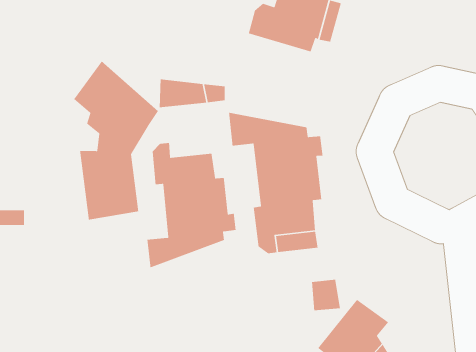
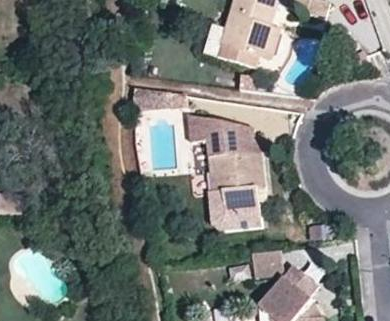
building: [73,60,159,220] -> none
building: [146,142,236,269] -> none

